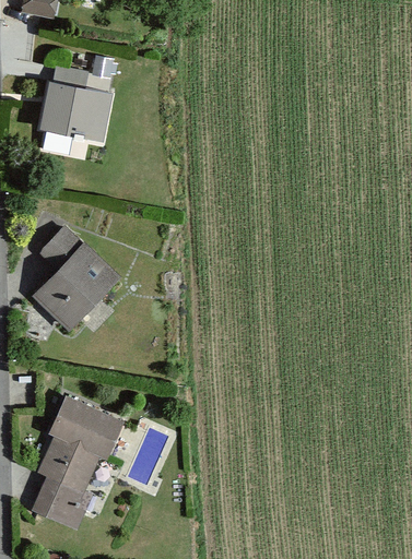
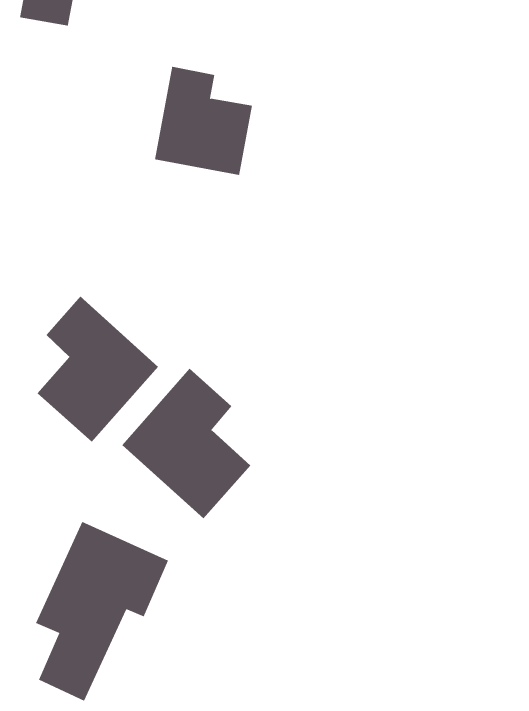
building: [39,62,114,144] -> [154,66,253,175]
building: none -> [121,368,251,519]

